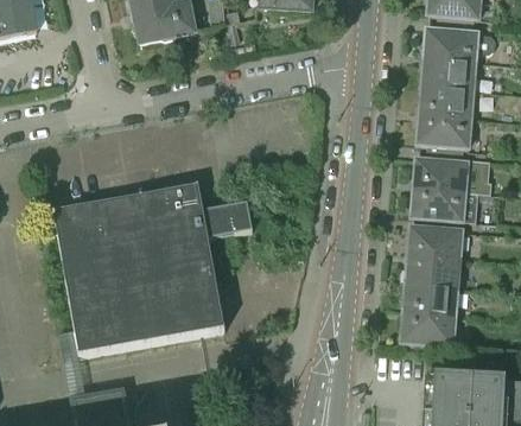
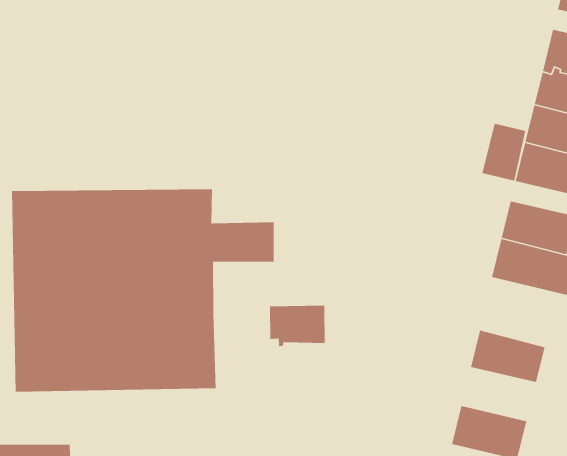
building: none -> [481,123,526,181]
building: [409,227,462,260] -> none
building: none -> [269,305,326,347]
building: [405,284,457,316] -> none

